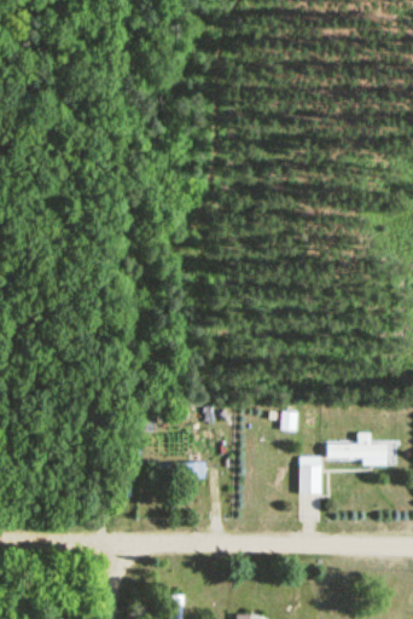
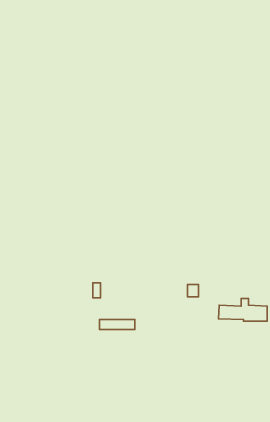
building: [299,456,321,496] -> none

